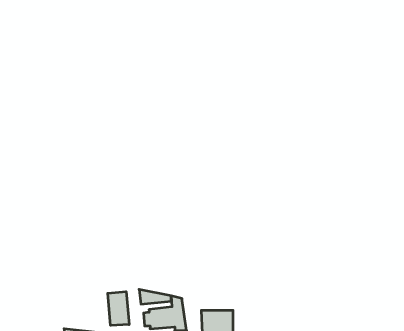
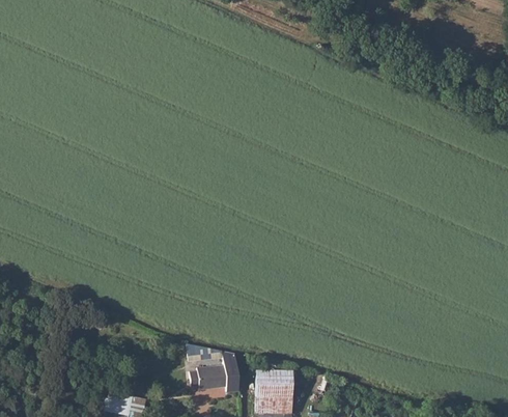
building: [108,292,129,325] -> none

